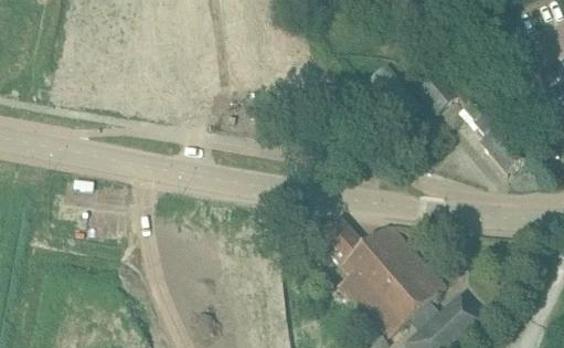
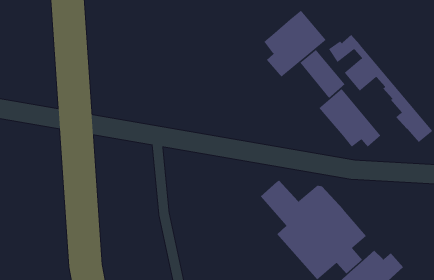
building: none -> [263,10,327,78]
building: none -> [319,88,381,148]

